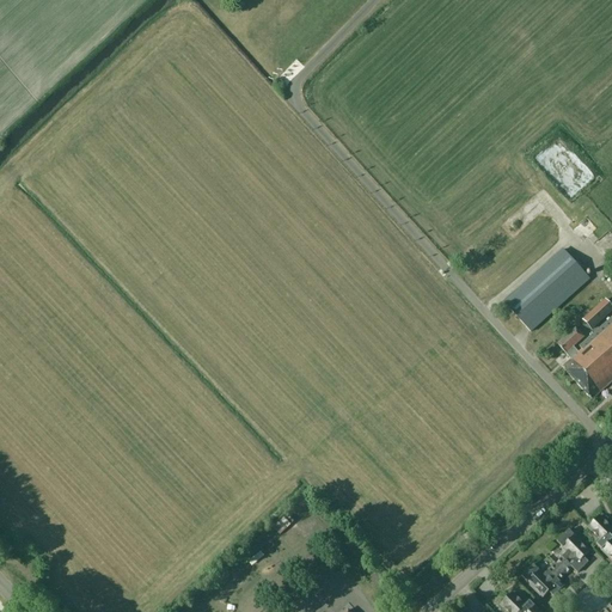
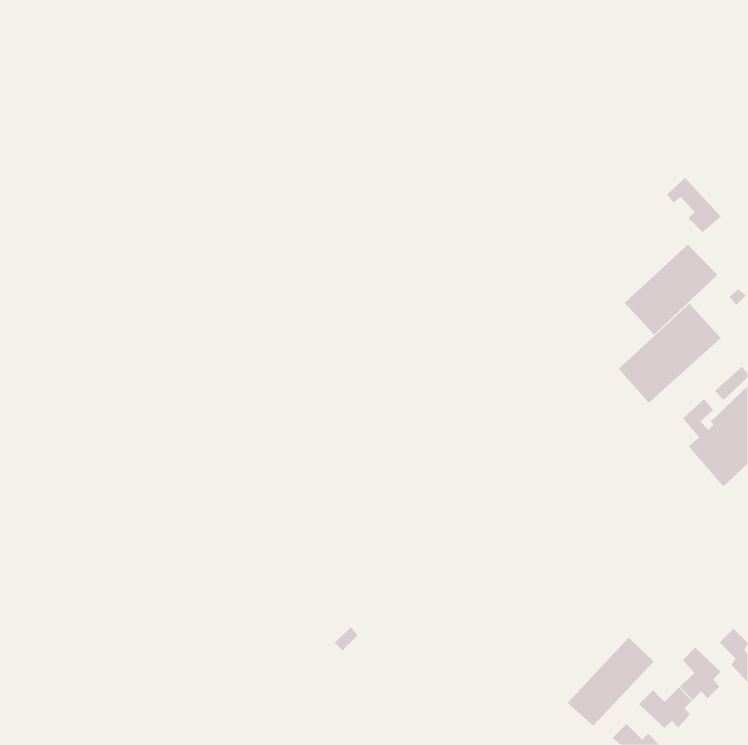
building: none -> [624,244,718,335]
building: none -> [567,637,655,726]

